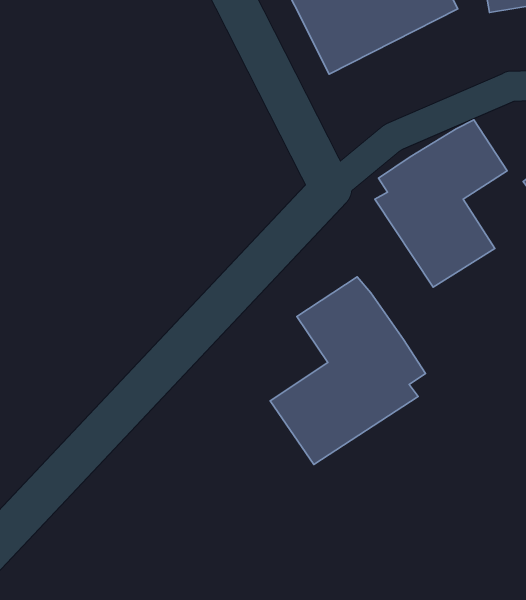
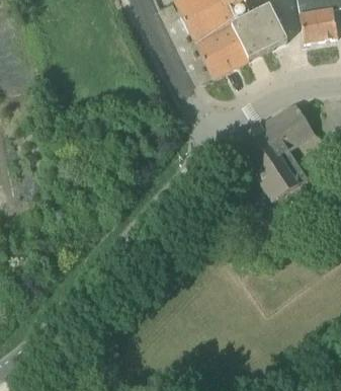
building: [270,277,425,464] -> none

